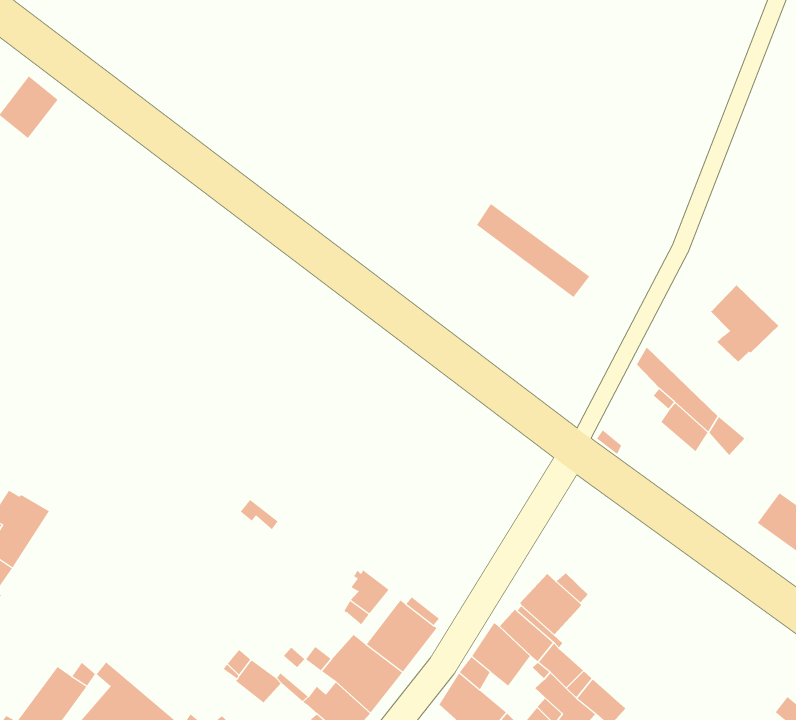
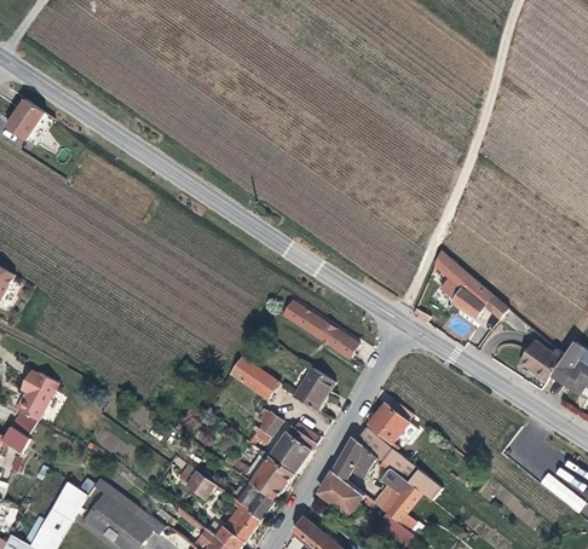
building: [476,203,590,298] -> [282,300,358,358]
building: [710,284,779,363] -> none
building: none -> [229,356,278,399]
building: none -> [293,368,333,410]

